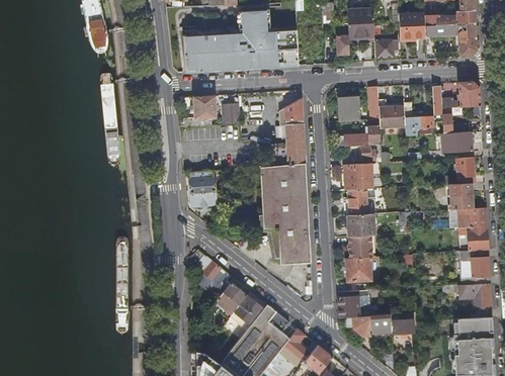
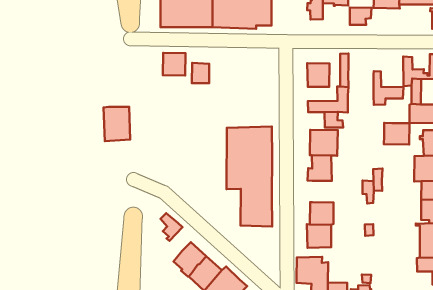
building: [271,98,306,166] -> none
building: [378,105,405,127] -> [384,123,409,145]
building: [189,171,218,206] -> [104,107,130,141]
building: [349,213,372,236] -> none

